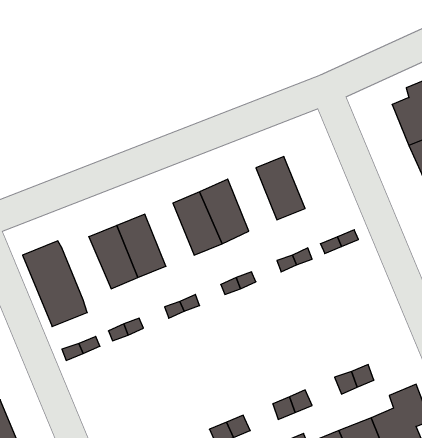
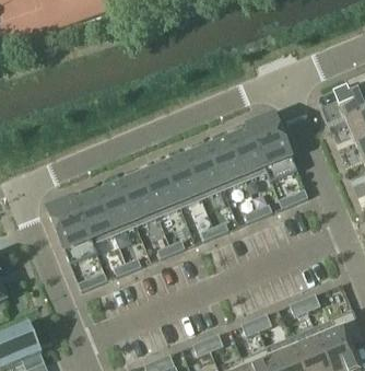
building: none -> [246,114,296,182]
building: none -> [205,140,244,189]
building: none -> [141,167,179,217]
building: none -> [76,194,115,243]

